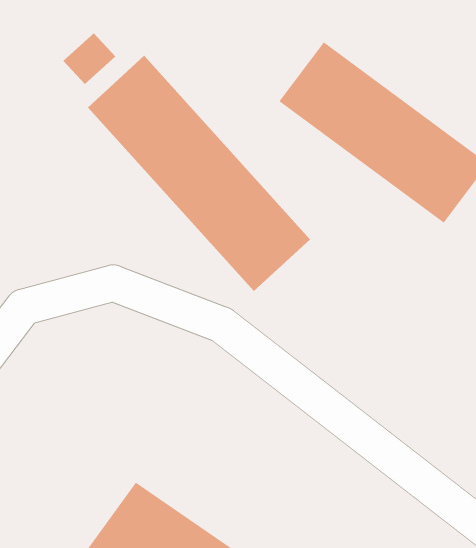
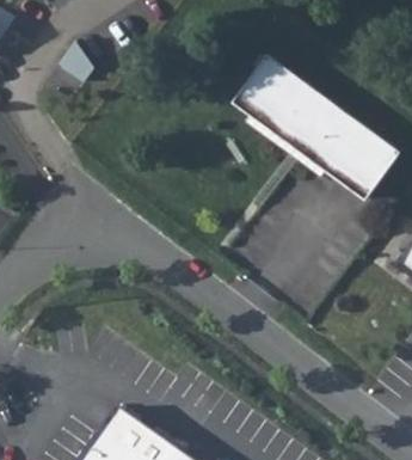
building: [87,55,311,292] -> none

